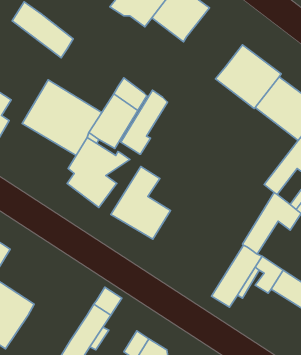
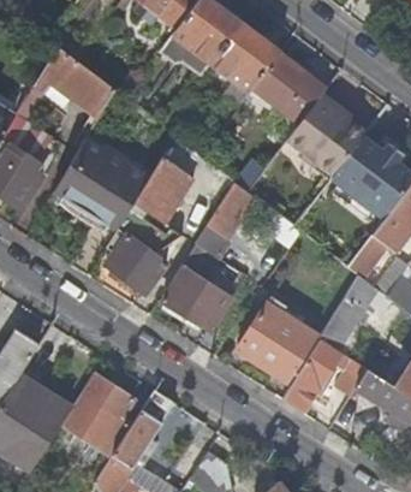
building: none -> [252,53,327,124]
building: [121,90,168,154] -> [197,182,254,259]
building: none -> [238,304,320,384]
building: none -> [61,373,133,455]

